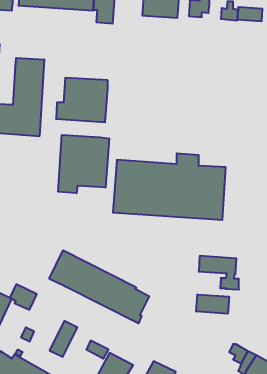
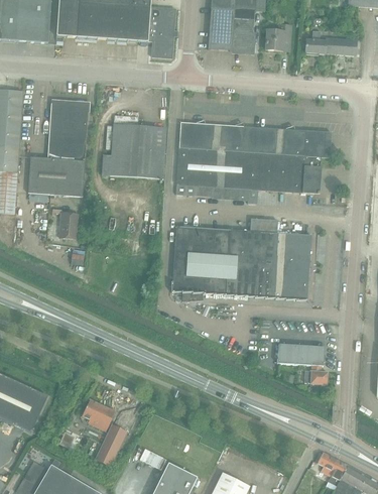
building: none -> [175,121,331,203]
building: [58,135,109,193] -> none
building: none -> [58,213,77,238]
building: [49,250,149,323] -> none
building: [10,284,37,310] -> [82,398,115,429]
building: [196,294,229,314] -> none

